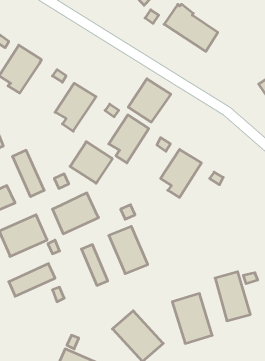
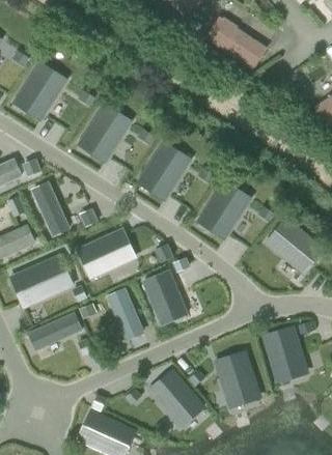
building: [128,79,171,122] -> none
building: [70,142,112,183] -> none
building: none -> [268,220,316,269]

